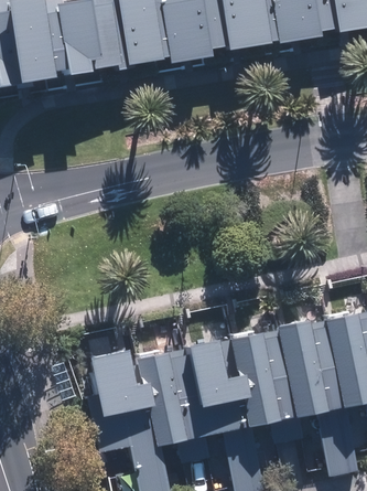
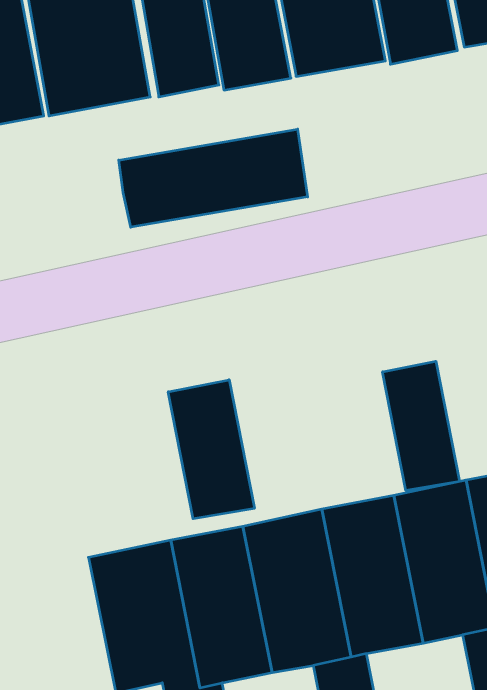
building: none -> [119,129,308,227]
building: none -> [383,361,460,490]
building: none -> [168,380,254,519]

